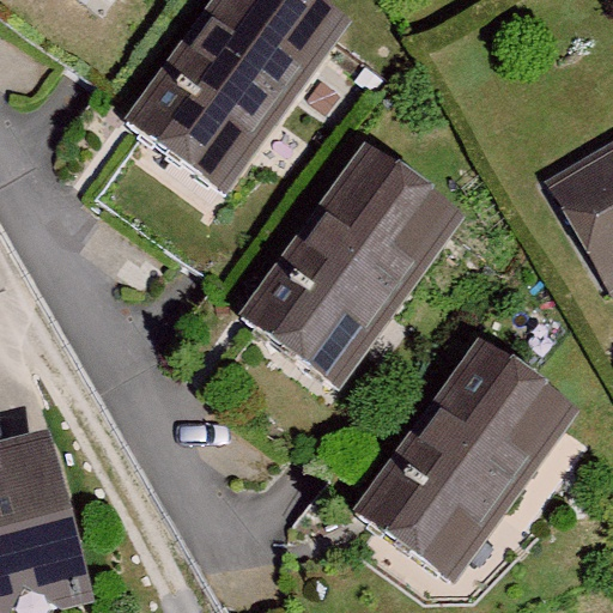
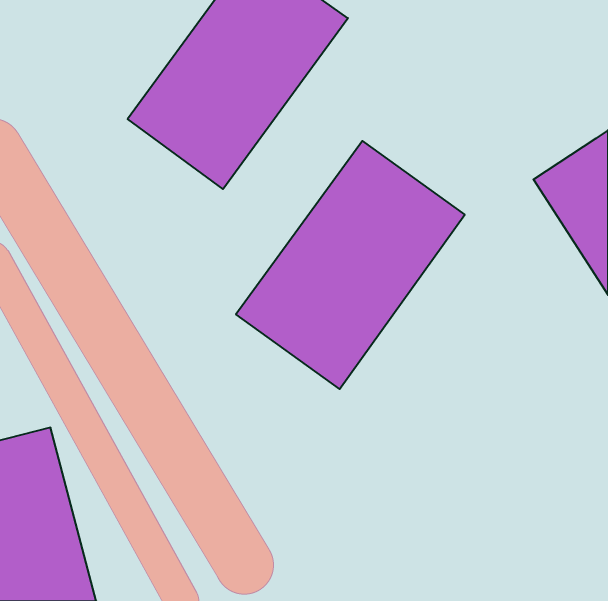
building: [357,336,583,578] -> none

